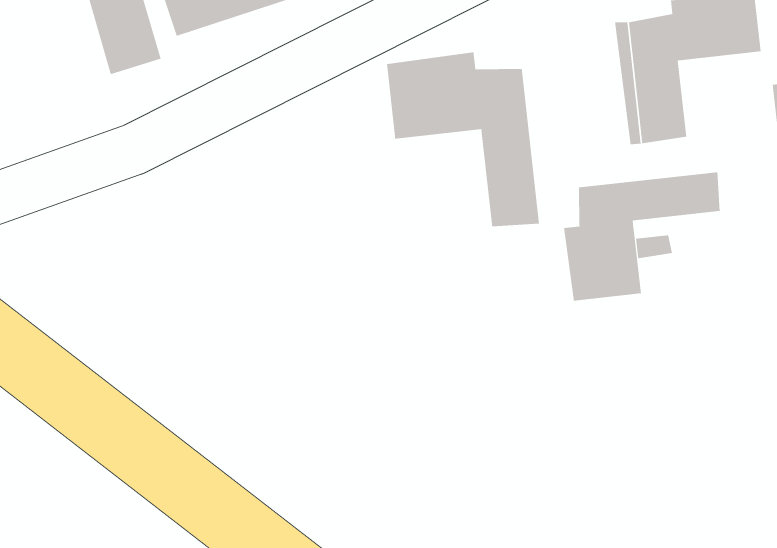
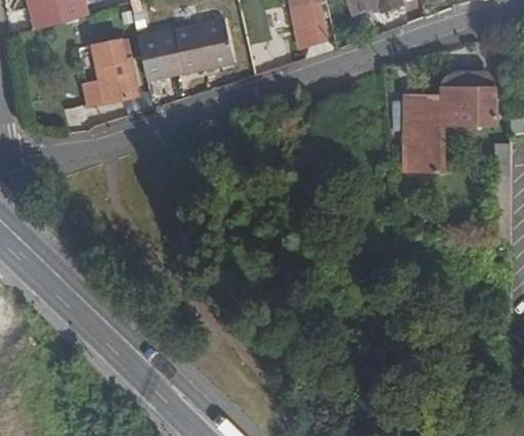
building: [386,52,539,227] -> none
building: [563,171,720,302] -> none

